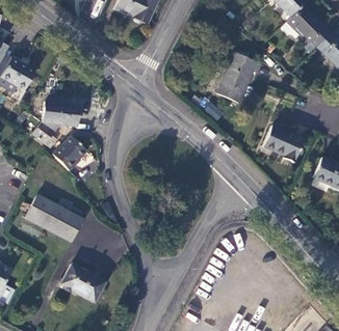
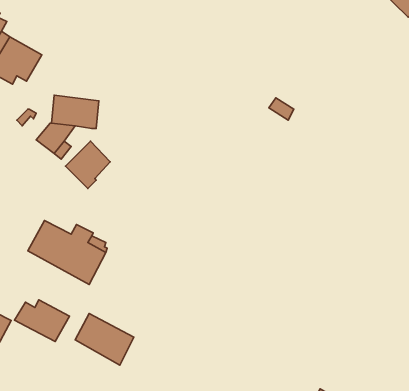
building: [216,53,260,104] -> none
building: [262,126,305,163] -> none
building: none -> [15,300,69,342]

